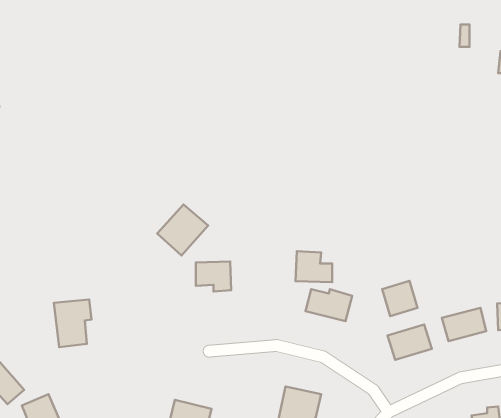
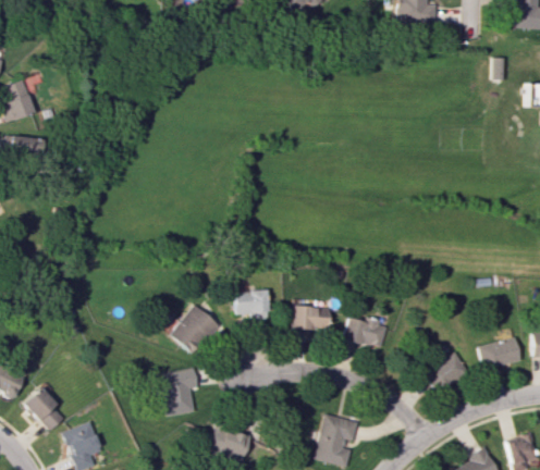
building: [157,205,208,255] -> [169,305,219,355]
building: [296,251,332,282] -> [293,306,329,336]
building: [382,281,418,316] -> none
building: [54,300,91,347] -> [161,369,198,416]

